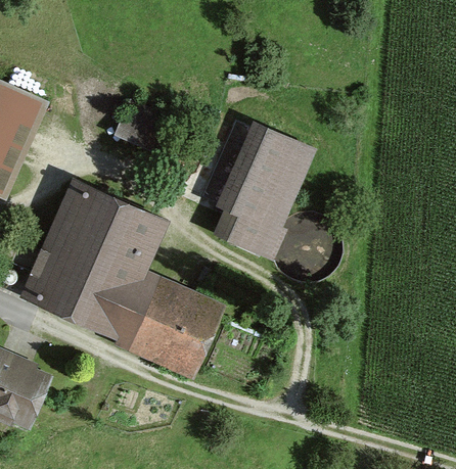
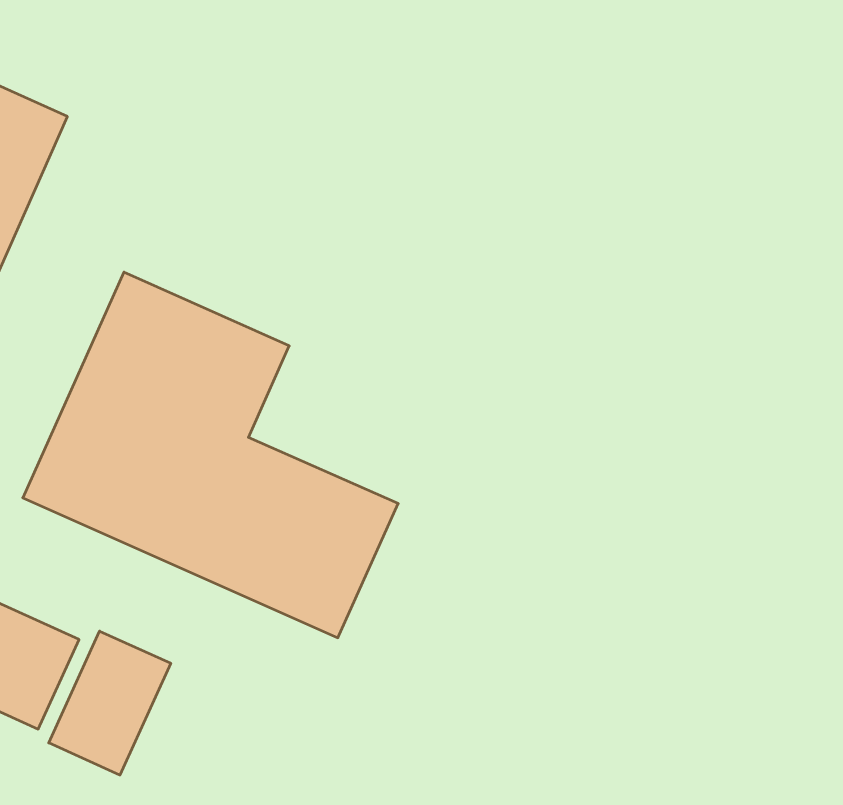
building: [215,120,315,253] -> none
building: none -> [49,631,171,775]

